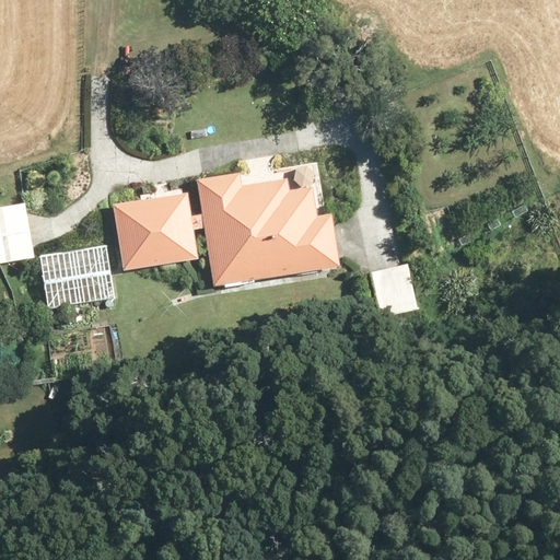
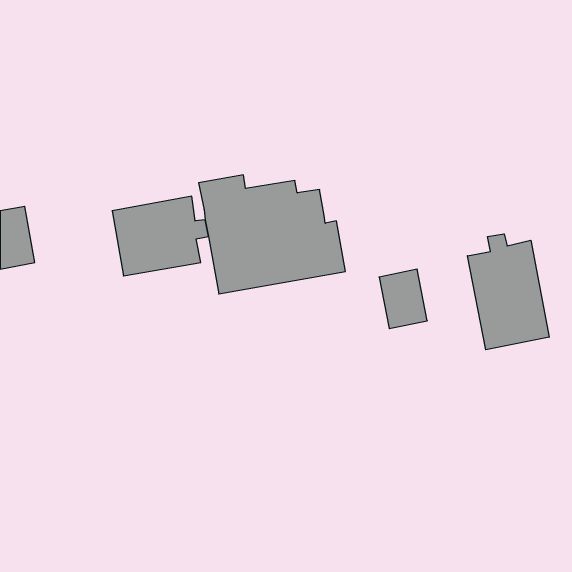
building: none -> [467,234,549,350]
building: [40,245,118,306] -> none

